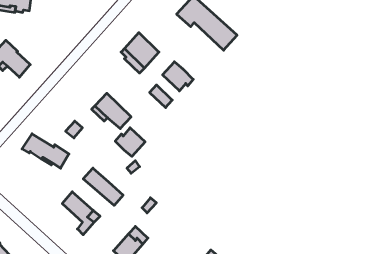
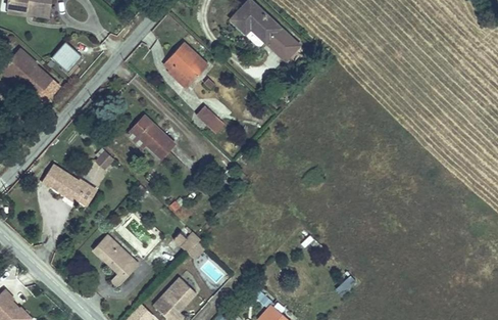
building: none -> [51,41,83,72]
building: [163,62,193,91] -> none
building: [115,128,145,156] -> none
building: [83,168,123,205] -> none

